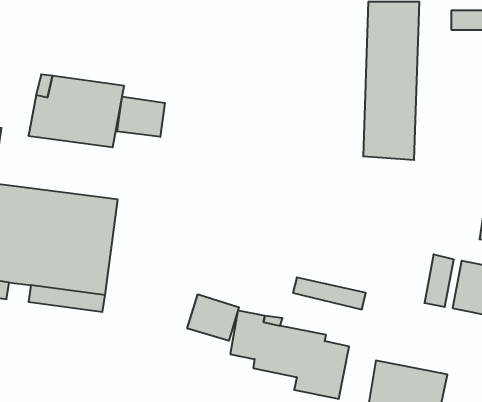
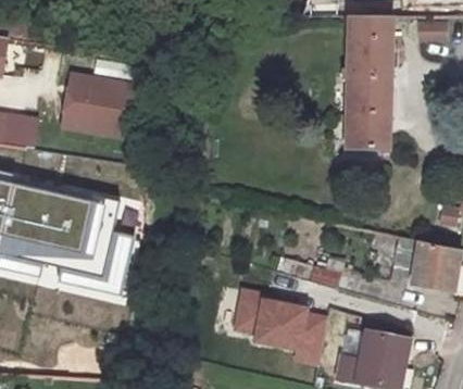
building: [117,97,165,137] -> none
building: [187,294,239,341] -> none

